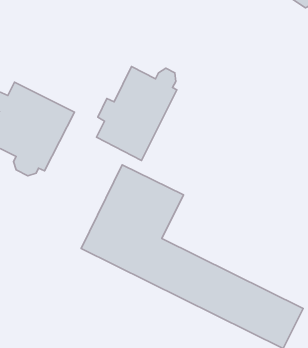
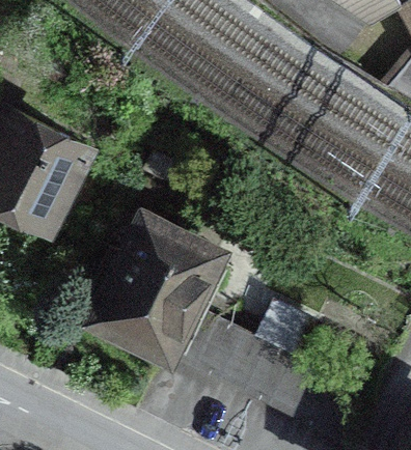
building: [96,67,177,161] -> none

